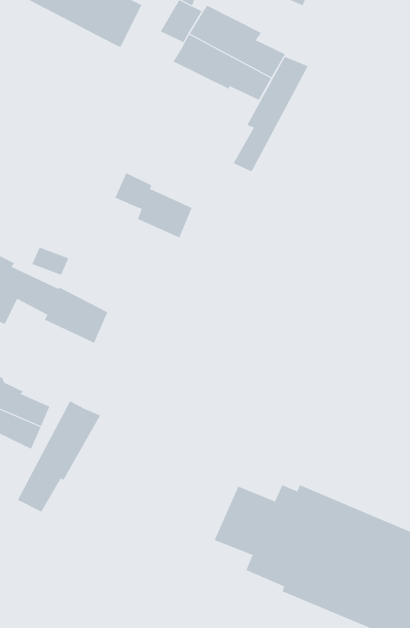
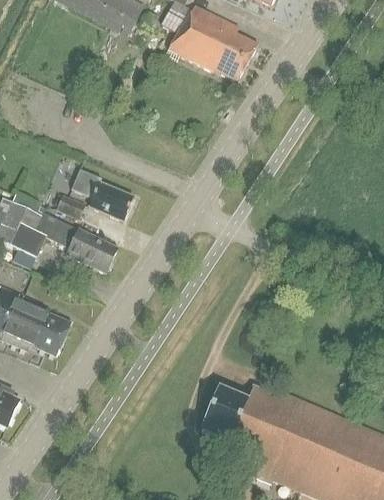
building: [233,56,308,172] -> none
building: [114,173,192,238] -> [71,169,133,221]
building: [17,401,101,513] -> none

